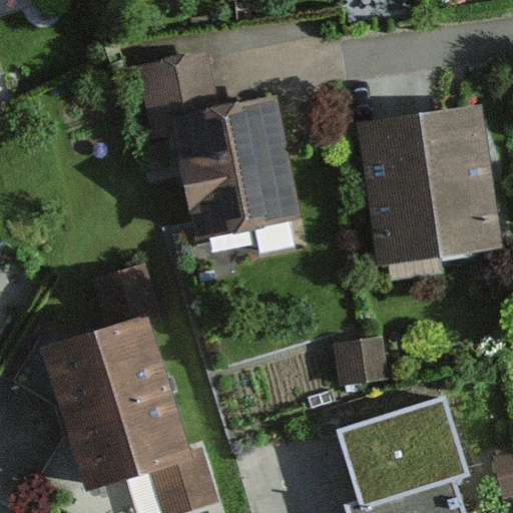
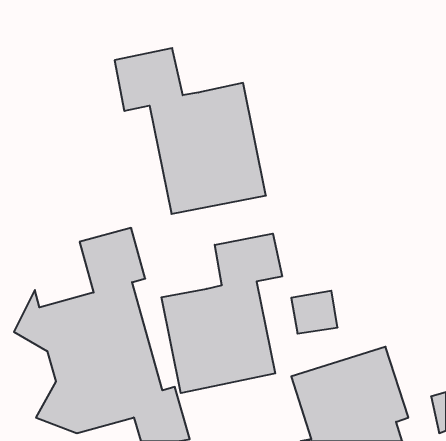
building: [362,108,504,265] -> none
building: none -> [161,234,282,393]

